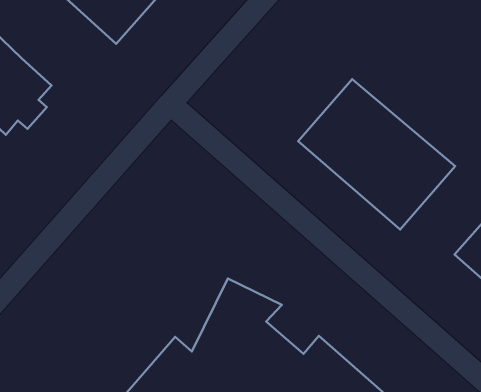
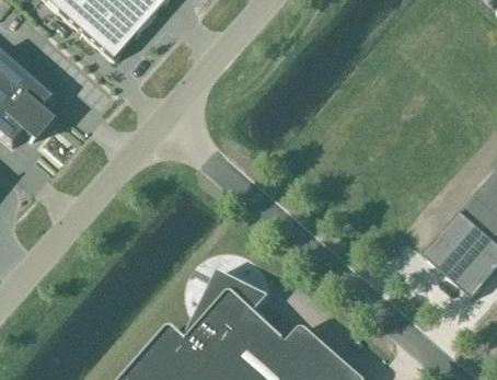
building: [298,79,455,229] -> none

